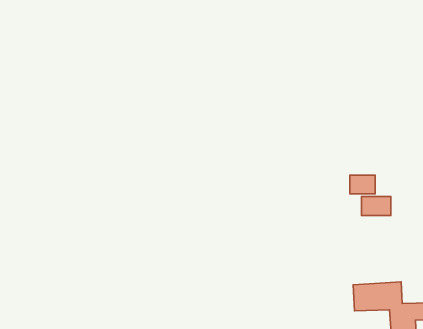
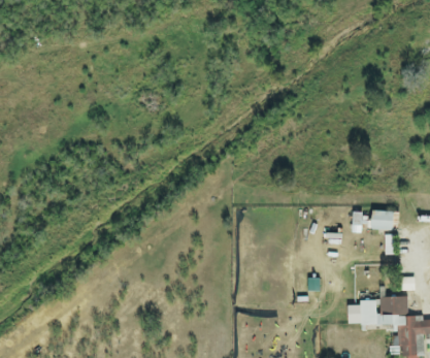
building: [350,175,375,194] -> none

